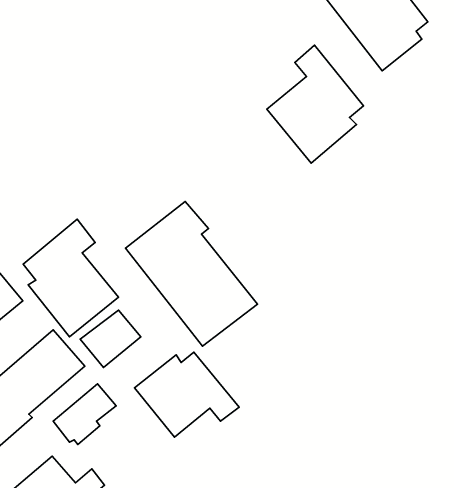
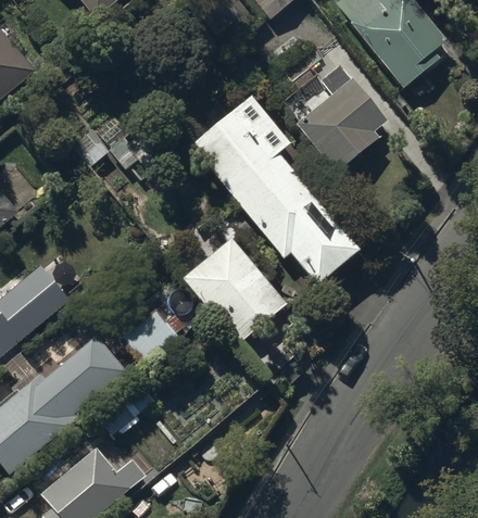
building: none -> [190,96,360,287]
building: [23,219,118,337] -> none
building: [134,352,239,437] -> none

